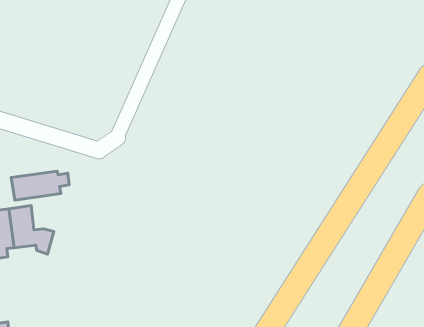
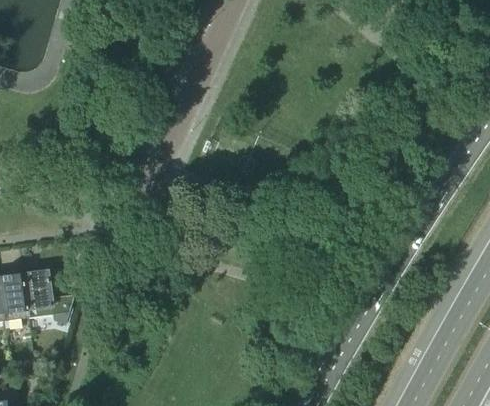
building: [11,171,69,200] -> none

